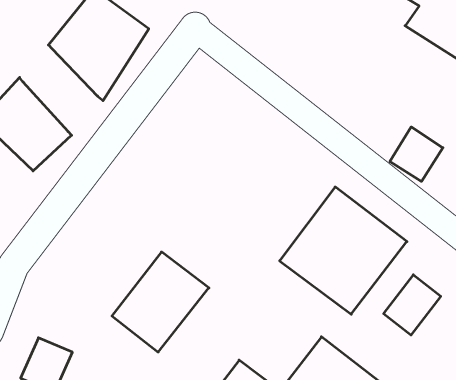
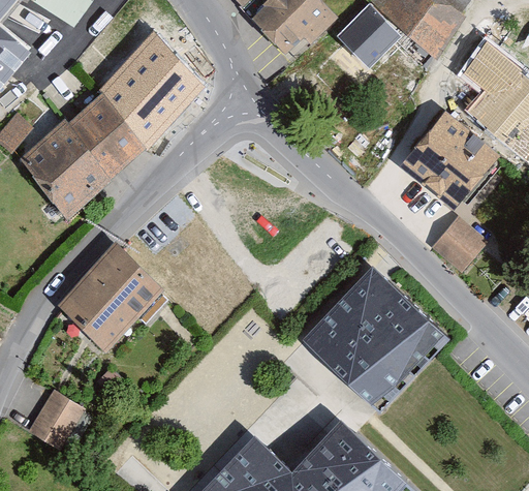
building: none -> [399,112,498,212]
building: none -> [66,95,141,182]
building: [112,252,209,352] -> [59,248,161,350]
building: [384,275,441,335] -> none

